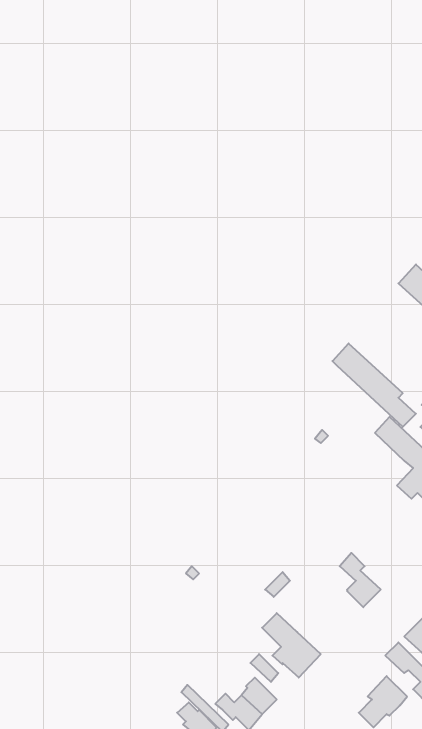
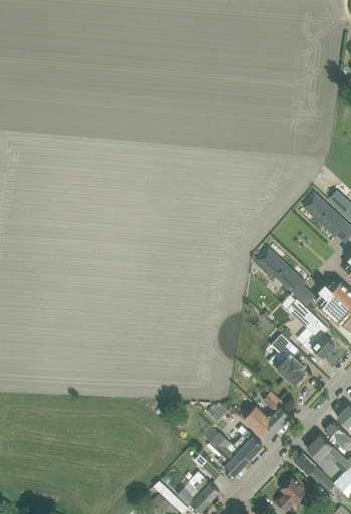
building: none -> [270,333,305,384]
building: none -> [239,406,278,441]
building: none -> [233,431,262,461]

